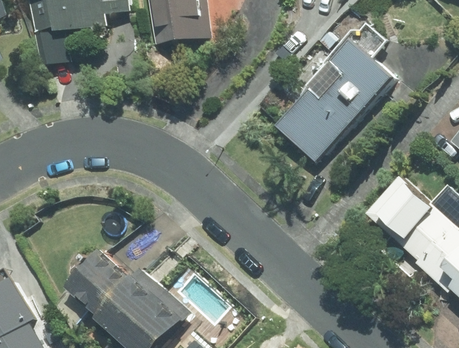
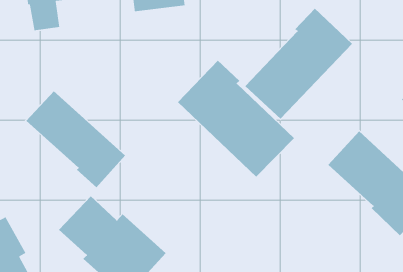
building: none -> [177,60,295,178]
building: none -> [26,91,126,188]

